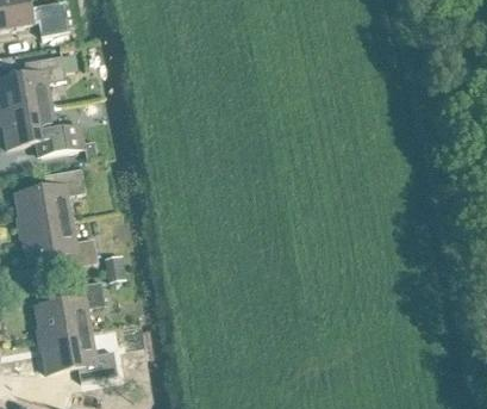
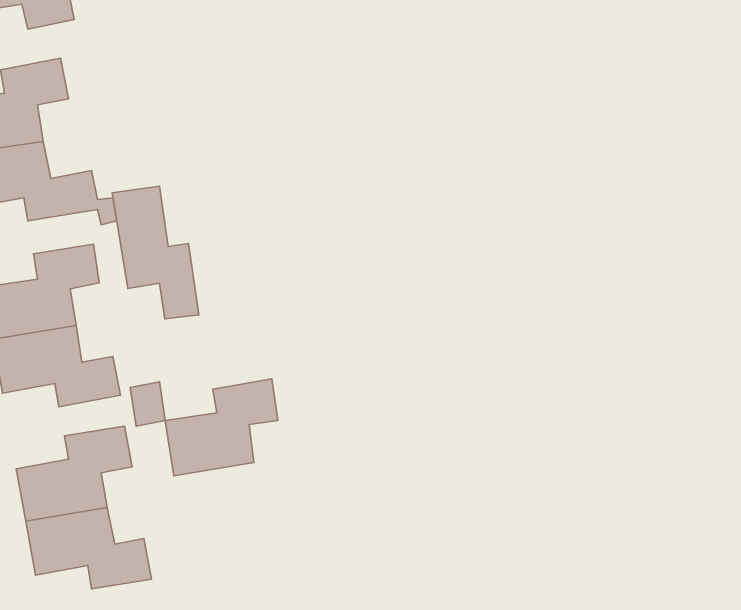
building: none -> [112,186,199,319]
building: none -> [165,379,278,476]

